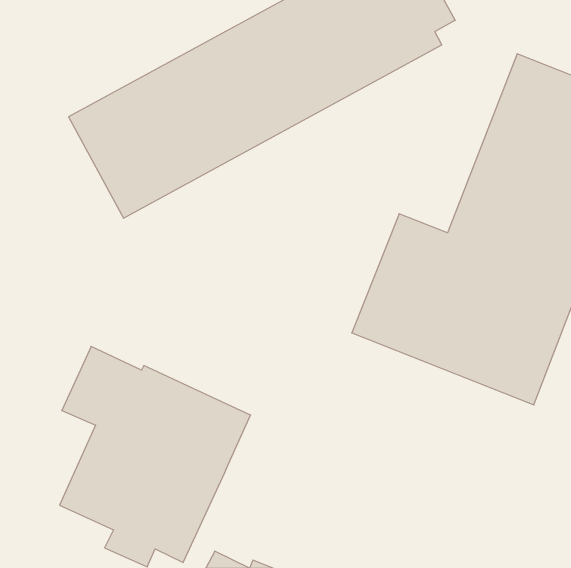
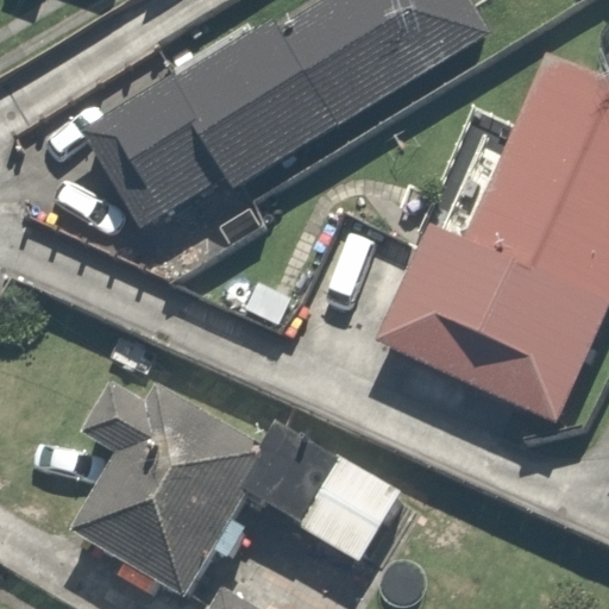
building: none -> [241,422,396,555]

